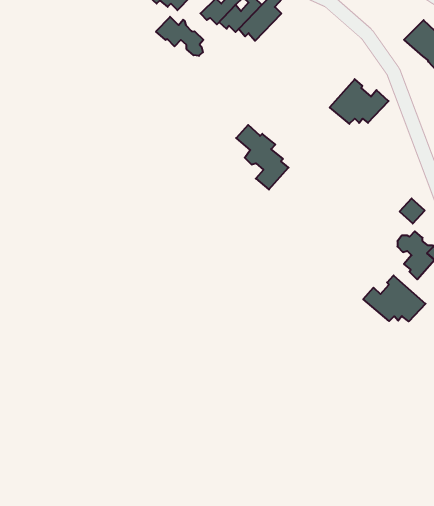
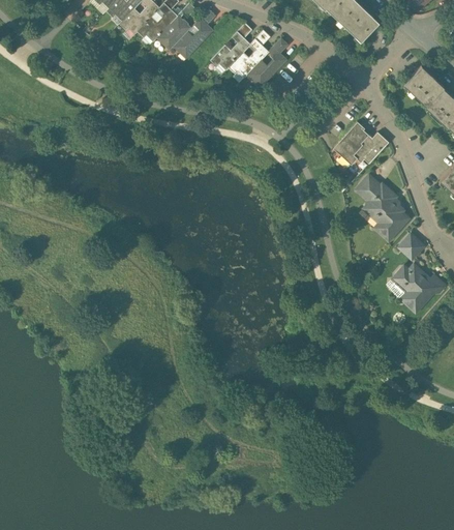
building: [156,17,203,56] -> none
building: [236,125,289,190] -> [357,177,406,238]
building: [363,275,426,321] -> none

